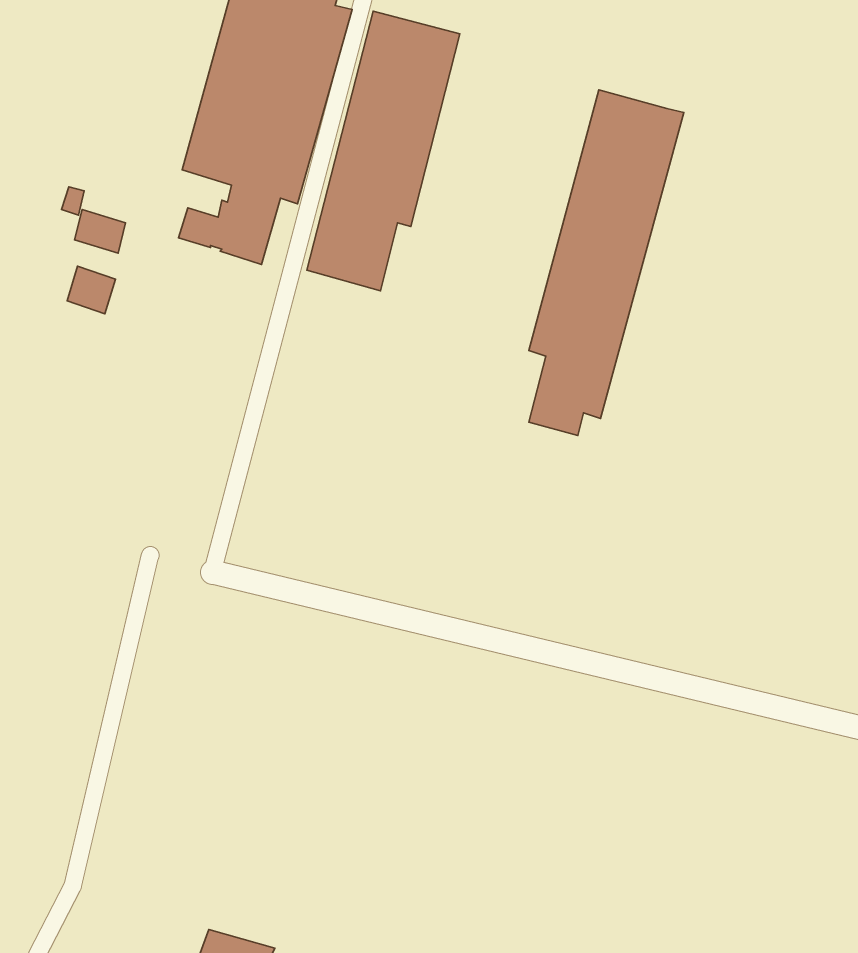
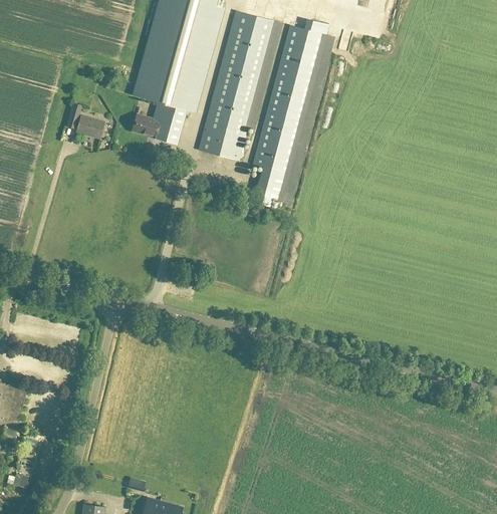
building: [529,90,684,435] -> [252,25,334,209]
building: [67,266,115,314] -> none

